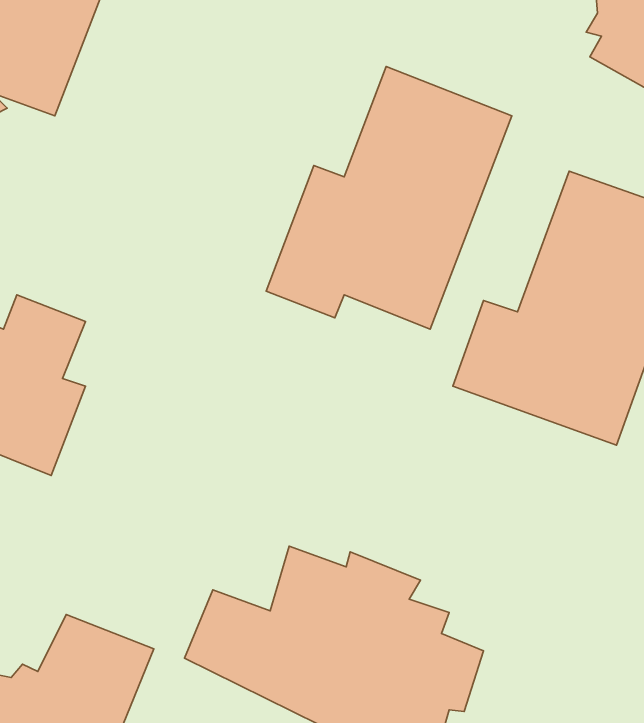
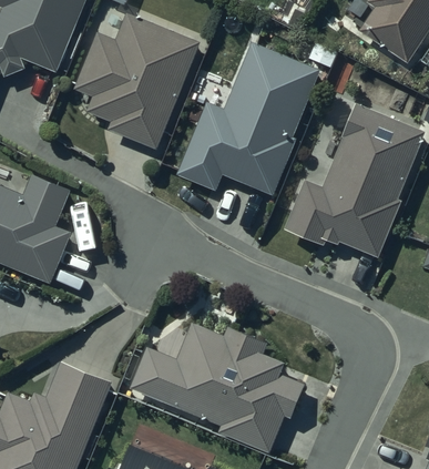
building: none -> [74,11,203,152]

